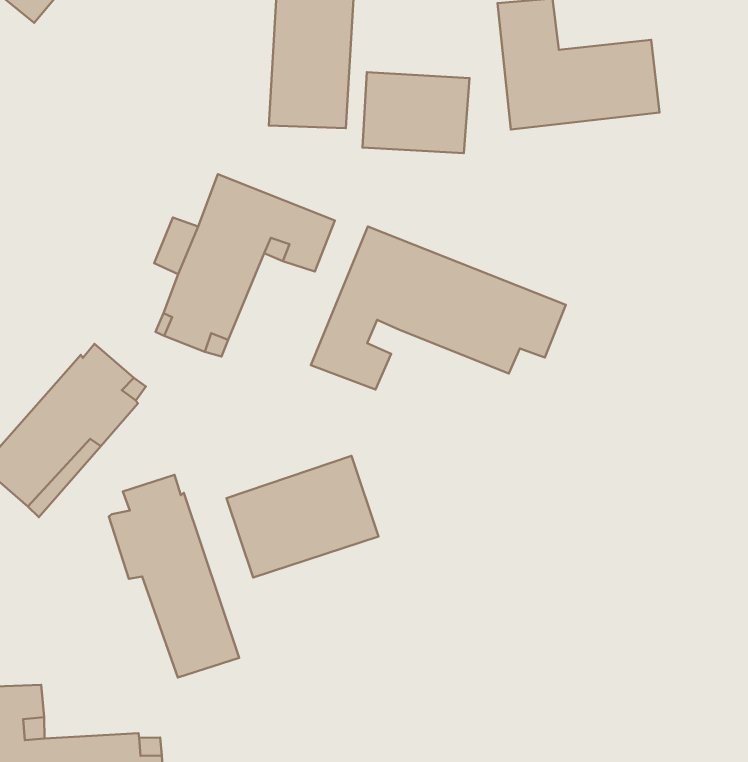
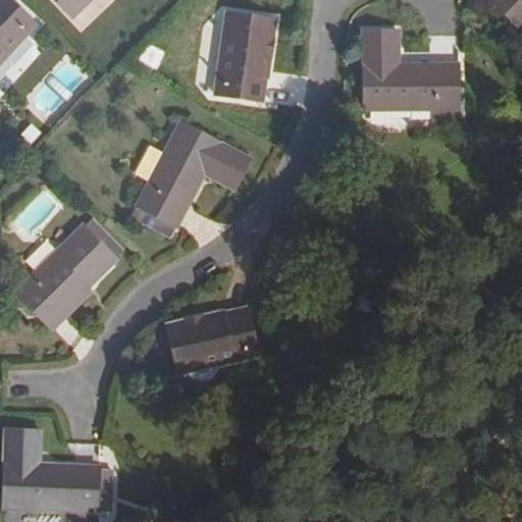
building: [363,72,470,153] -> none
building: [311,226,566,389] -> none
building: [109,475,239,677] -> none

